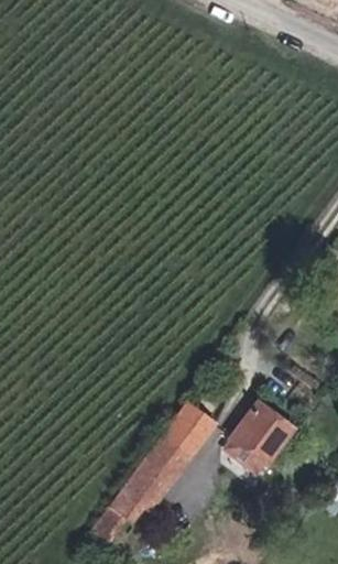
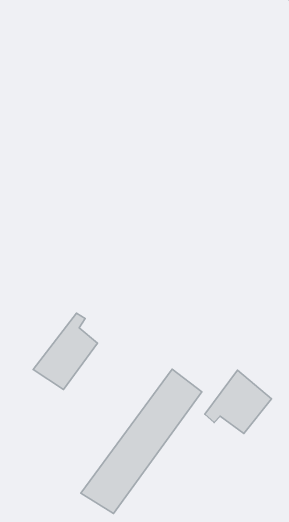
building: none -> [33,313,98,389]

